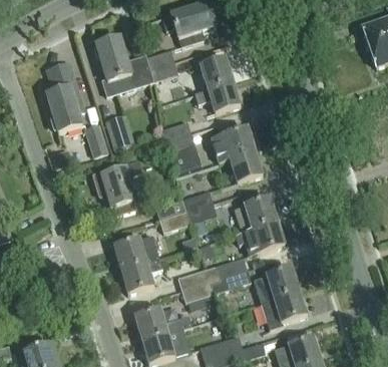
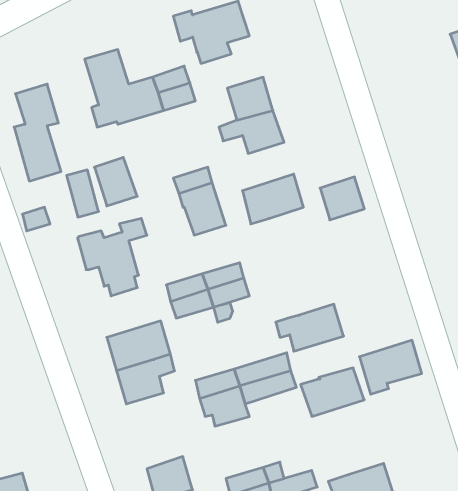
building: [231,151,263,182] -> [320,177,364,220]
building: [235,198,278,232] -> none
building: [262,291,307,330] -> [359,340,422,394]
building: [135,309,190,341] -> none

